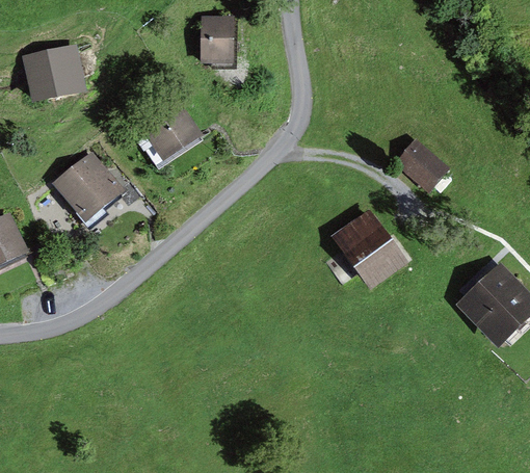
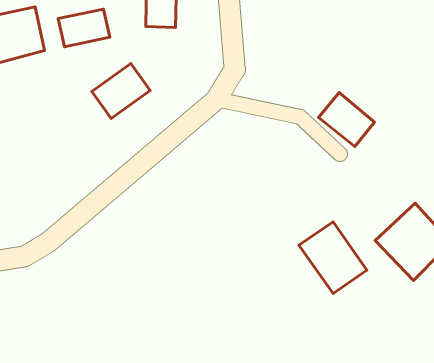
building: none -> [58,9,110,47]
building: [51,149,126,221] -> none
building: [330,209,406,289] -> [299,222,367,293]

